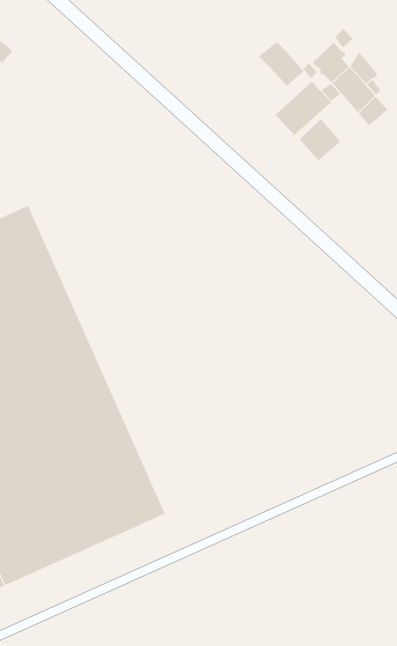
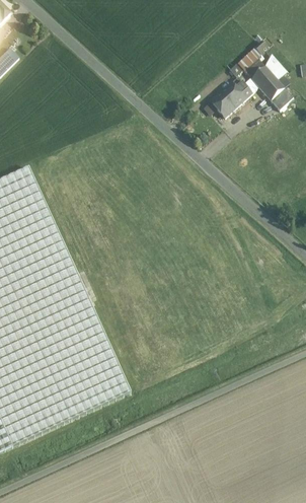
building: [258,41,304,86] -> none
building: [299,118,341,161] -> none

